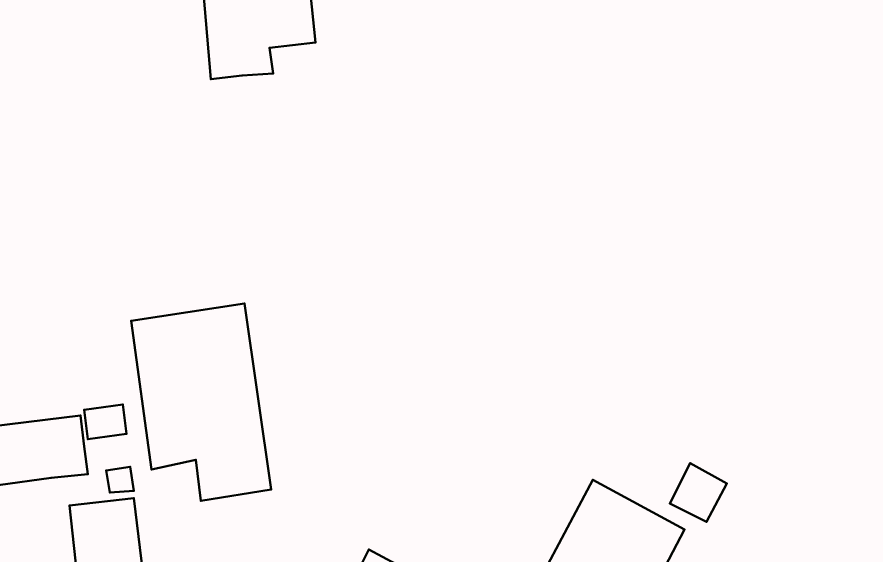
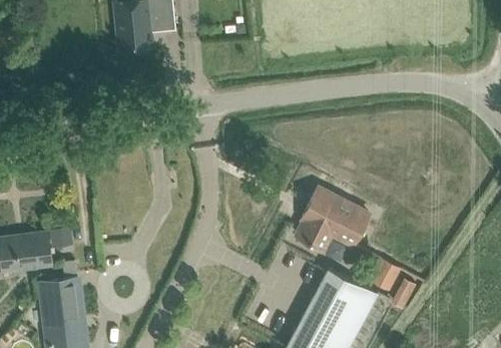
building: [131,304,271,501] -> none
building: none -> [293,193,368,253]

